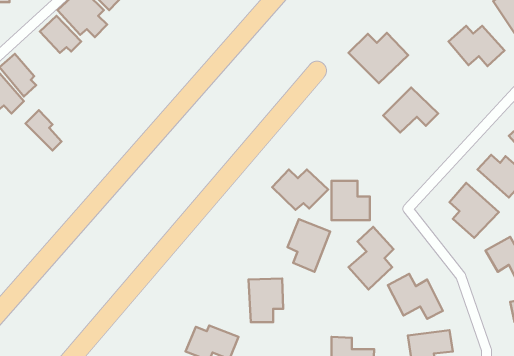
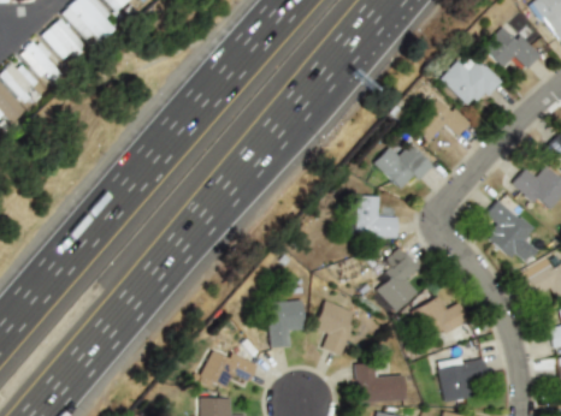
building: [349,33,408,83] -> [437,57,501,111]
building: [26,110,61,150] -> [24,40,63,83]
building: [272,169,328,210] -> [373,144,433,188]
building: [288,219,330,272] -> [313,301,359,357]

